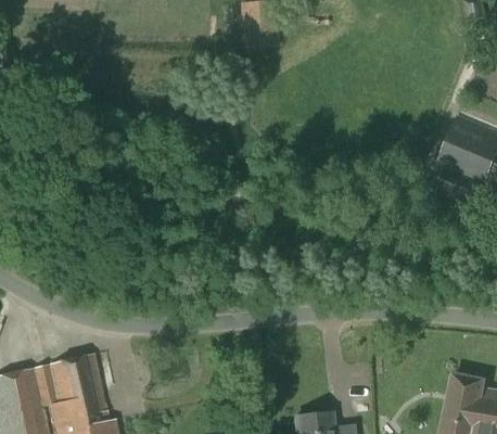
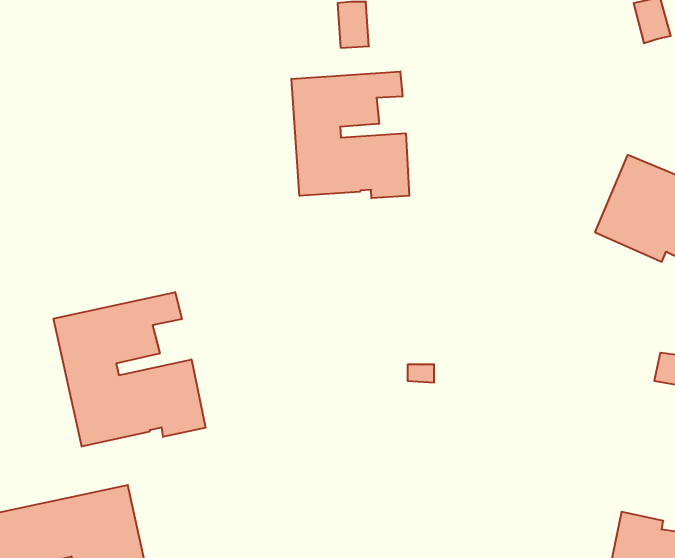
building: none -> [291,71,409,198]
building: none -> [54,292,205,447]

